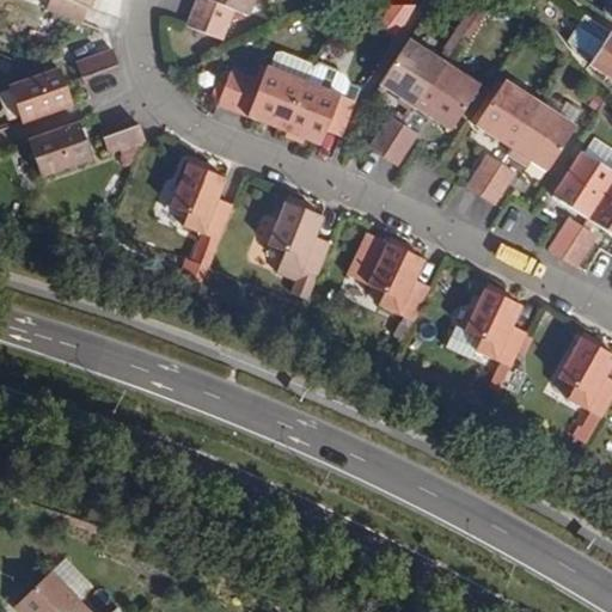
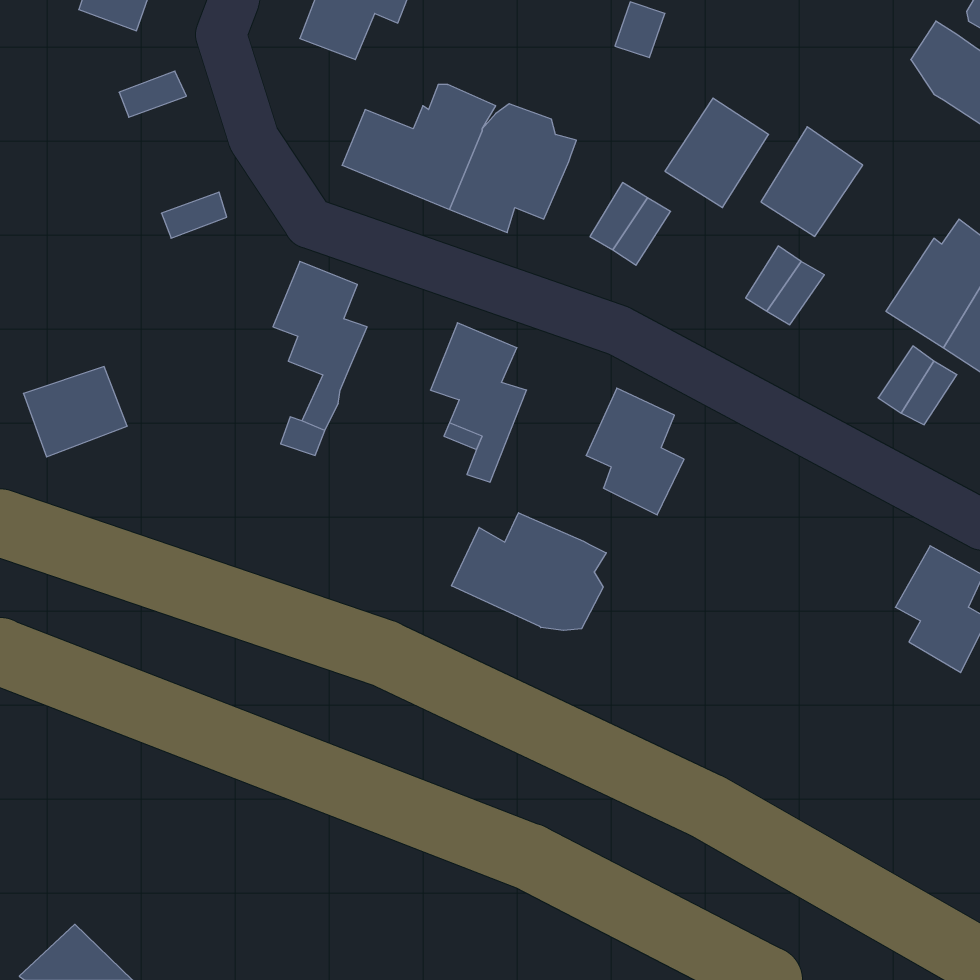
building: [379,38,445,106] -> none
building: [8,63,72,118] -> none
building: [508,103,573,170] -> none
building: [32,122,97,178] -> [23,367,127,457]
building: [445,289,525,388] -> none
building: none -> [452,513,606,630]

